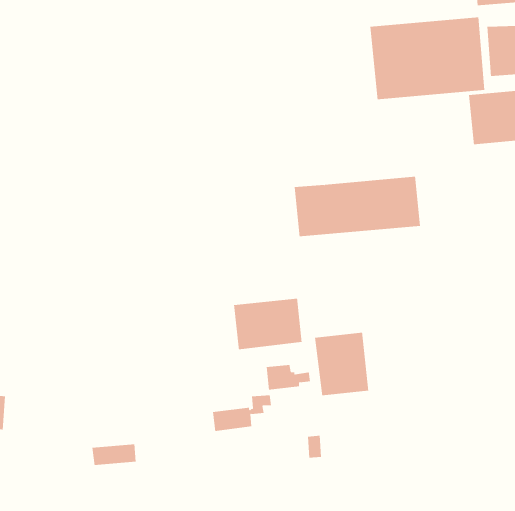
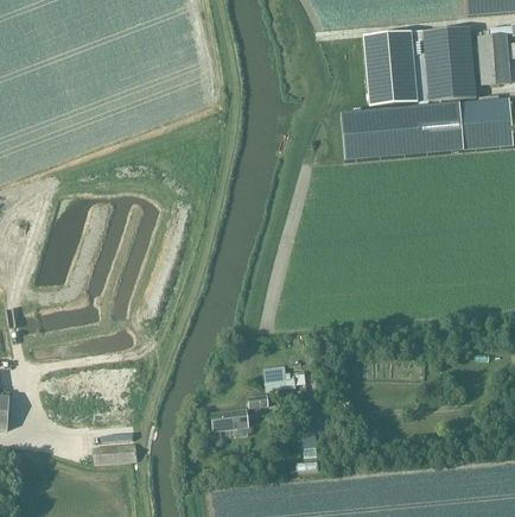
building: [294,176,421,237] -> [341,101,464,160]
building: [234,298,302,350] -> none
building: [314,332,369,396] -> none

